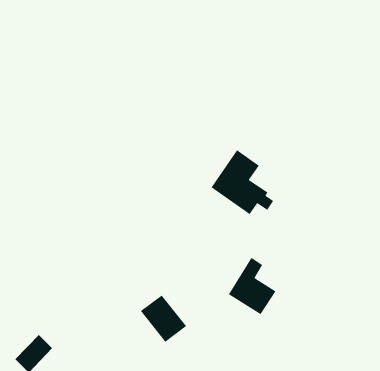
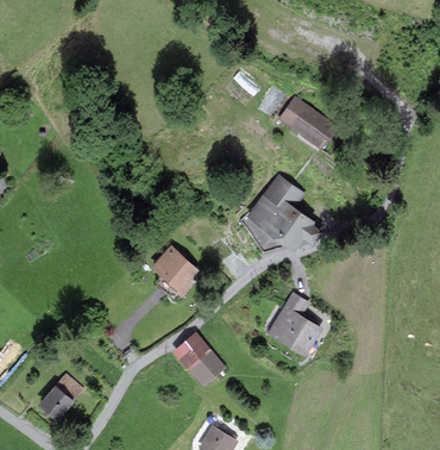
building: none -> [279,96,333,146]
building: none -> [153,248,199,293]

